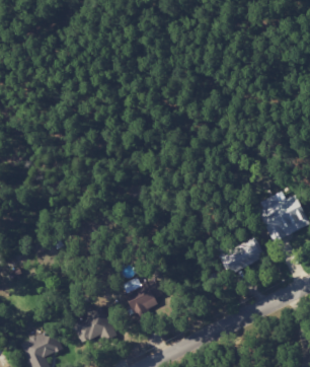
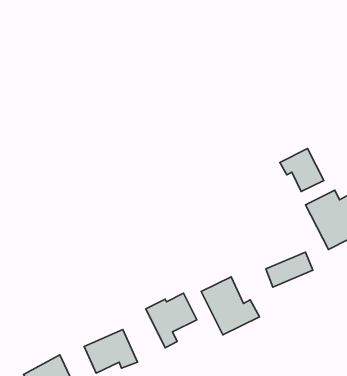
building: none -> [280,149,324,192]
building: none -> [201,277,260,335]

